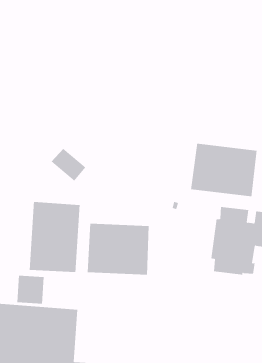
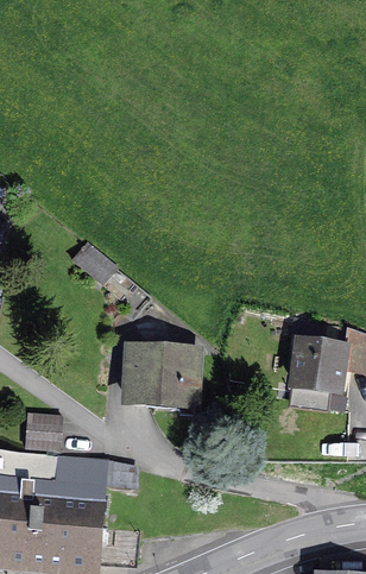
building: [191,143,257,197] -> none
building: [29,201,80,273] -> none

